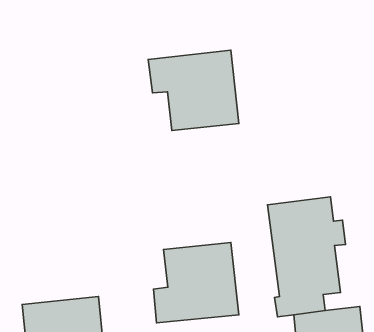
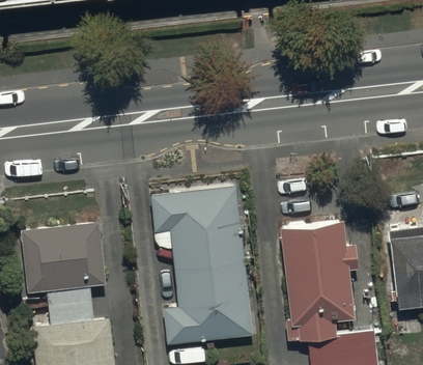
building: [148,50,239,131] -> [150,191,243,273]
building: none -> [21,228,105,298]

